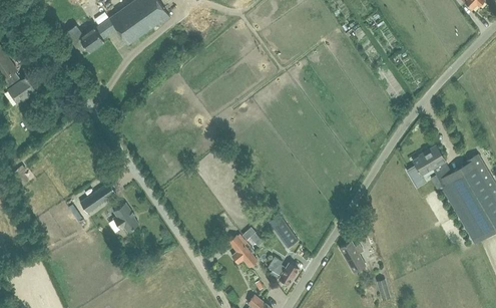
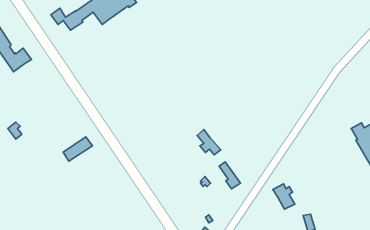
building: [407,145,446,186] -> none
building: [113,203,139,233] -> none
building: [228,236,258,267] -> [197,130,221,155]
building: [268,257,299,285] -> none

